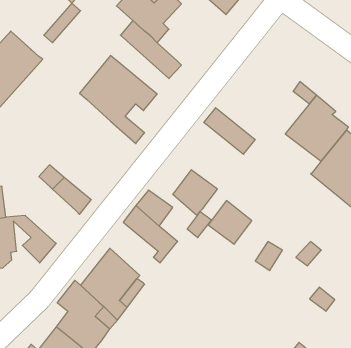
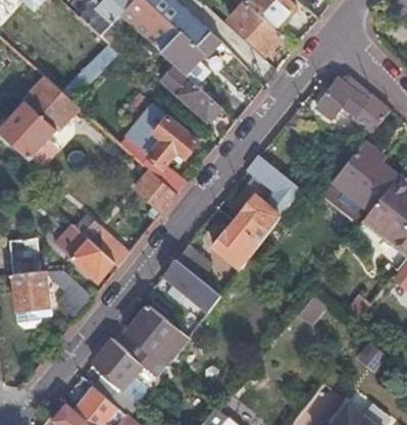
building: none -> [315,77,390,134]
building: none -> [134,169,175,219]
building: none -> [70,238,112,280]
building: [208,201,252,244] -> [234,195,279,241]

